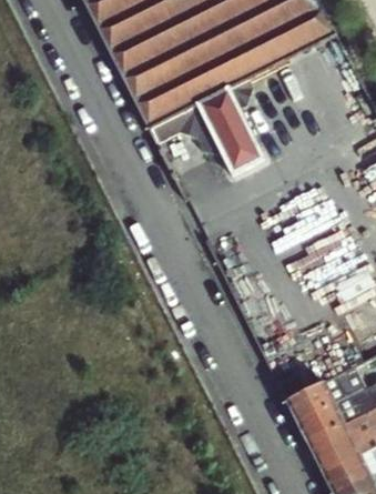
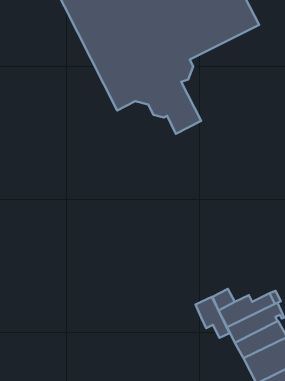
building: none -> [195,297,229,338]

